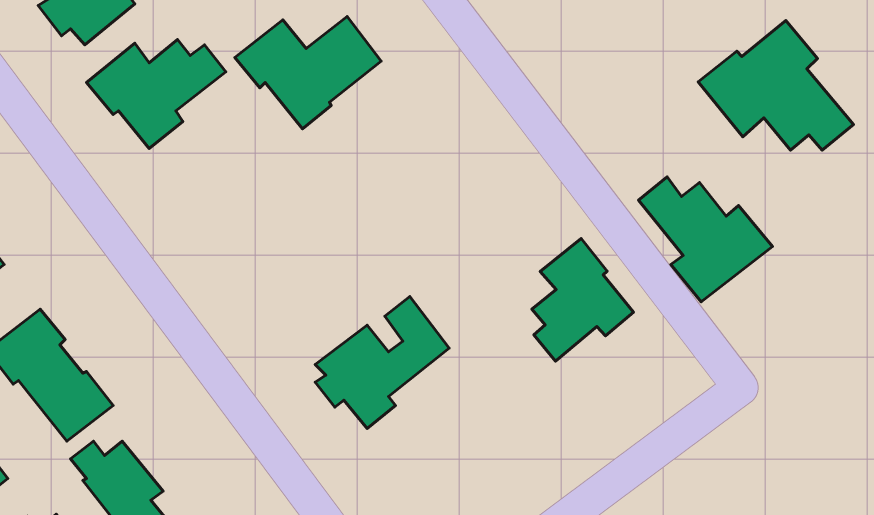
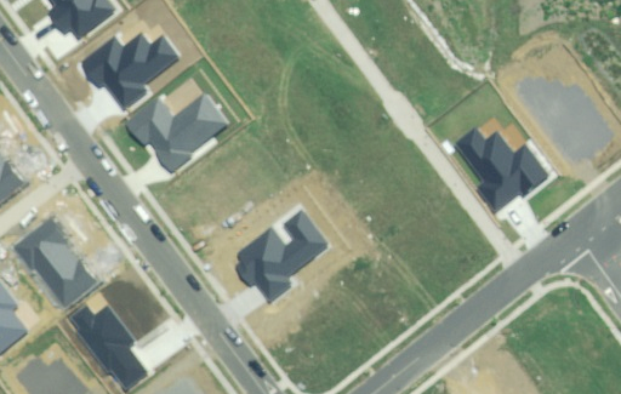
building: [235,16,381,129] -> [127,93,227,170]
building: [698,21,853,150] -> none
building: [532,238,634,361] -> none

